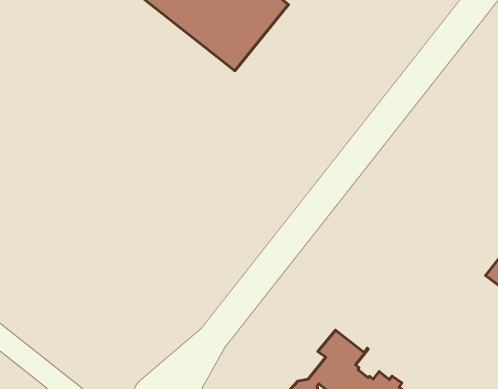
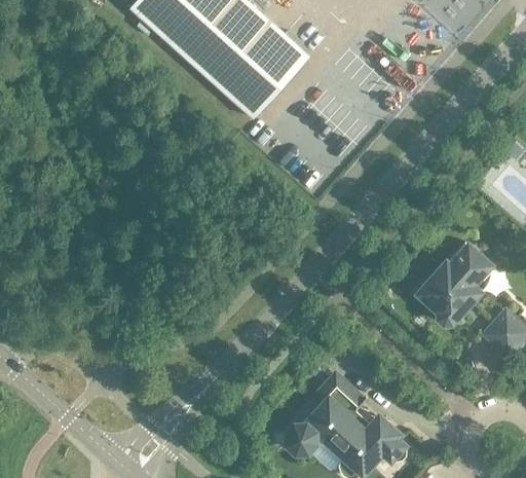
building: none -> [424,245,490,323]

